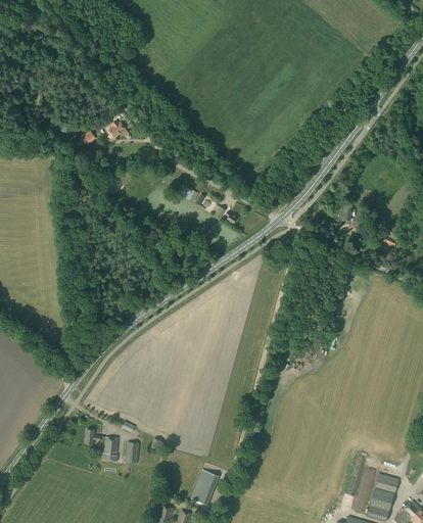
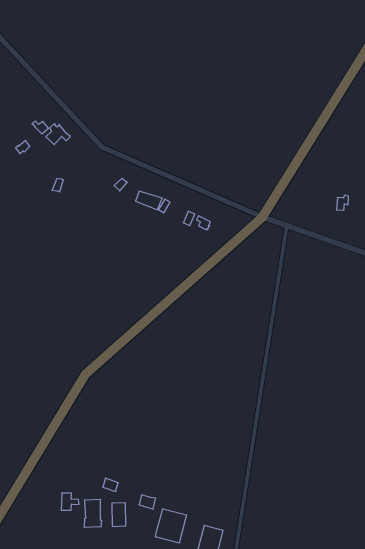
building: none -> [156,509,186,543]

